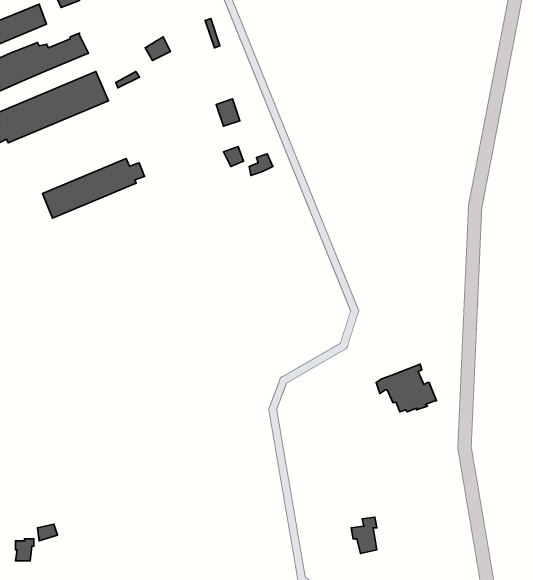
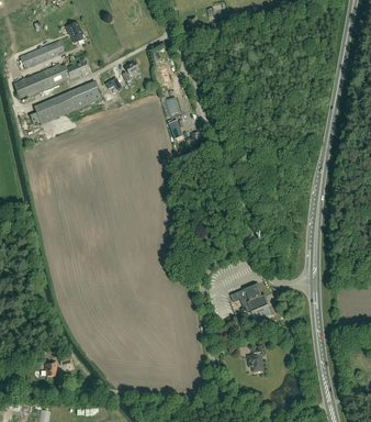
building: [43,159,145,218] -> none
building: [376,364,436,412] -> [232,284,268,312]

